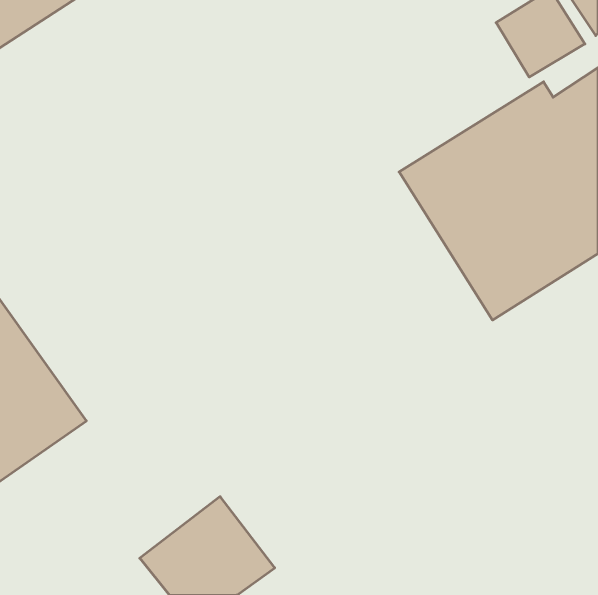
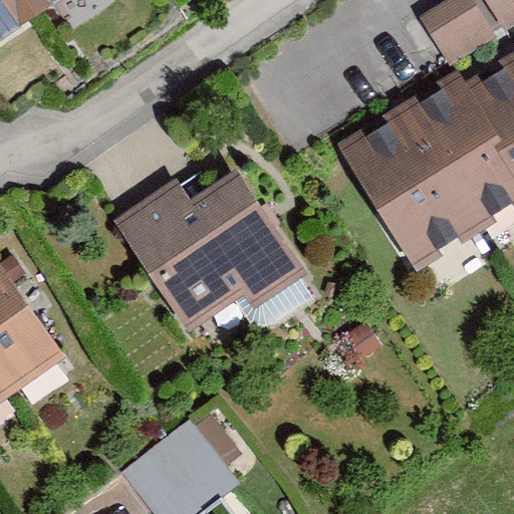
building: none -> [117,175,306,329]

